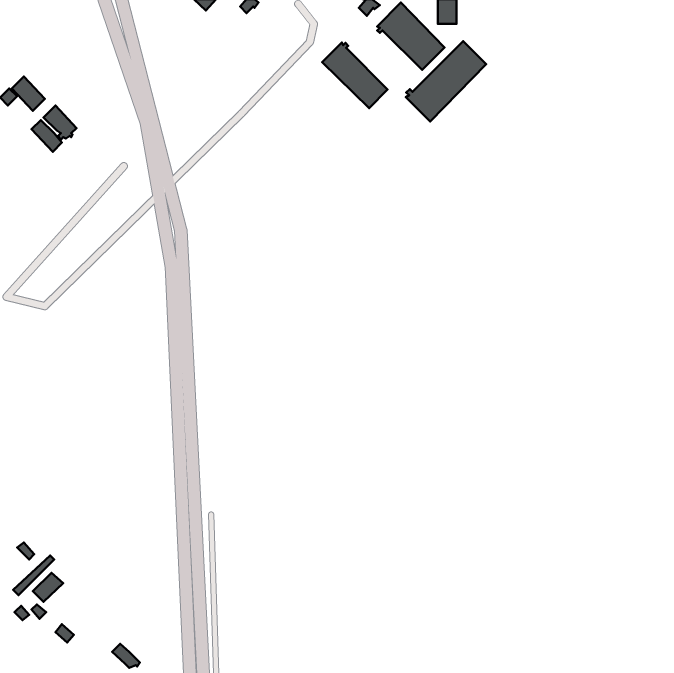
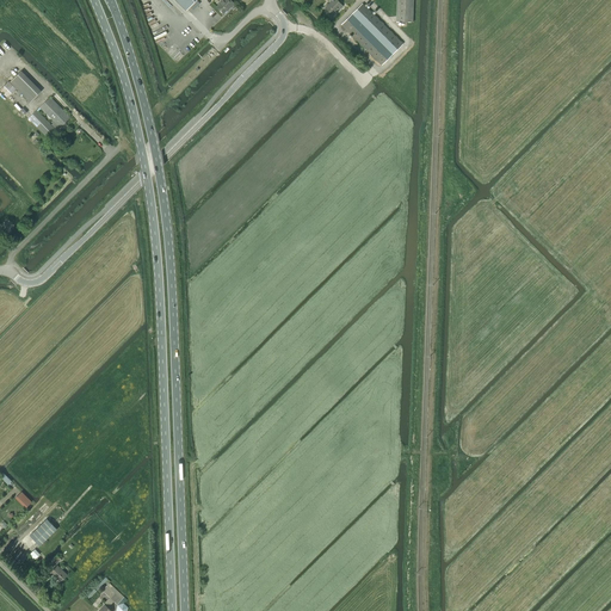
building: [406,41,486,122] -> none
building: [322,42,388,108] -> none

